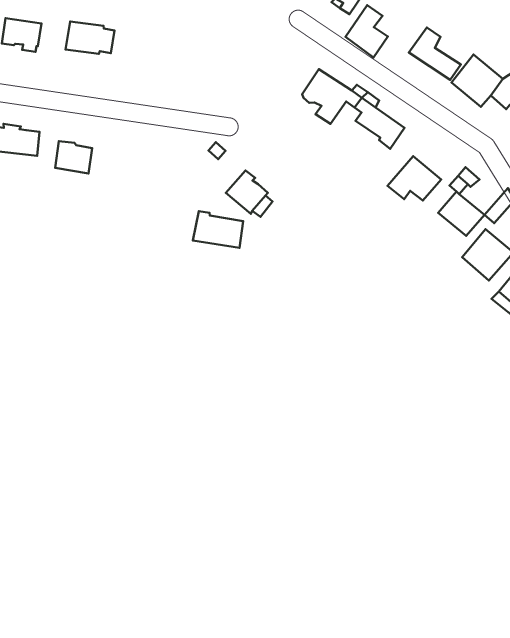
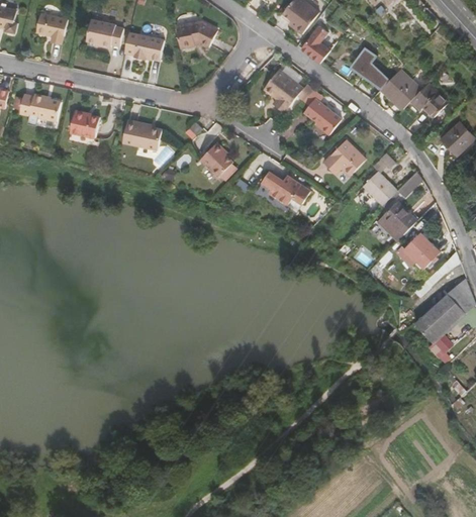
building: none -> [175,22,217,47]
building: none -> [134,35,164,60]
building: none -> [262,172,310,204]
building: [193,211,243,248] -> [122,120,162,150]

